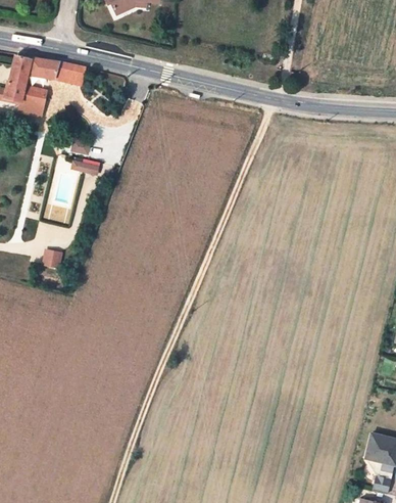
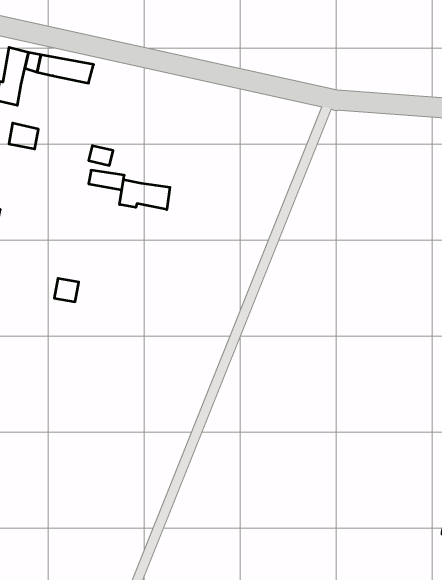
building: [15,85,40,106] -> [9,123,38,149]
building: none -> [120,179,170,210]

